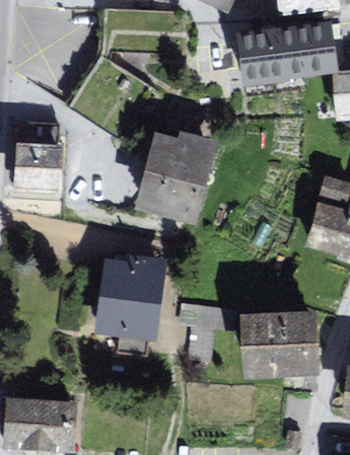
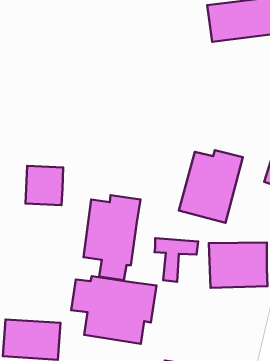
building: [138,130,212,214] -> [179,150,243,223]
building: [16,141,60,186] -> [26,166,63,205]
building: none -> [71,276,156,344]

